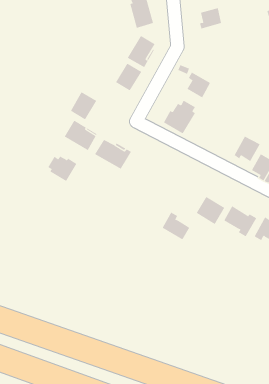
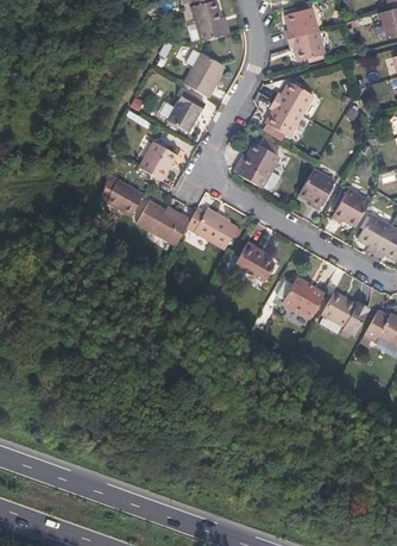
building: none -> [289,33,324,61]
building: none -> [276,84,315,118]
building: [70,92,97,120] -> [139,139,177,180]
building: none -> [298,172,336,209]
building: none -> [185,206,238,249]
building: [48,156,77,182] -> none
building: [162,212,190,240] -> [234,241,275,282]

